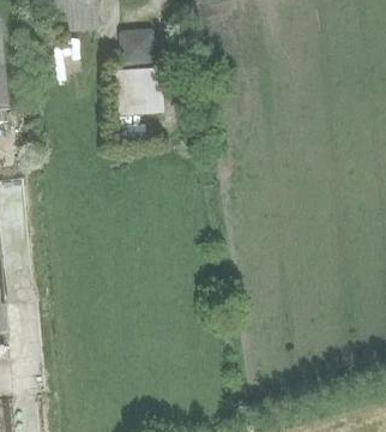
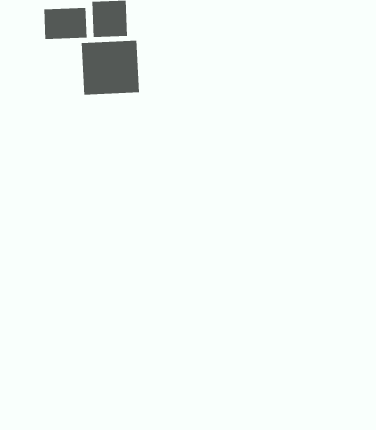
building: none -> [44,7,87,40]

